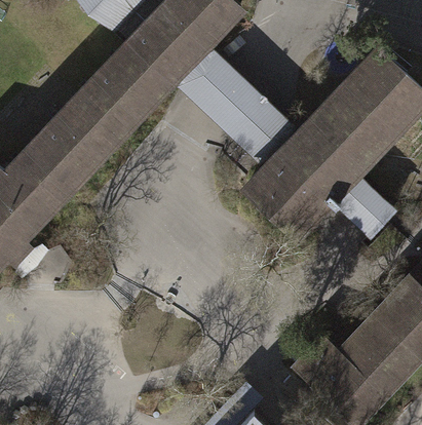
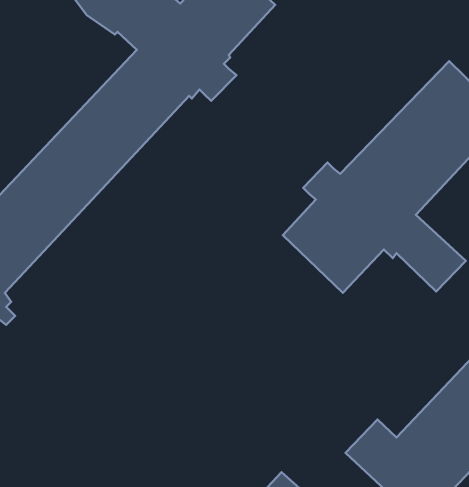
building: [180,52,292,165] -> none

